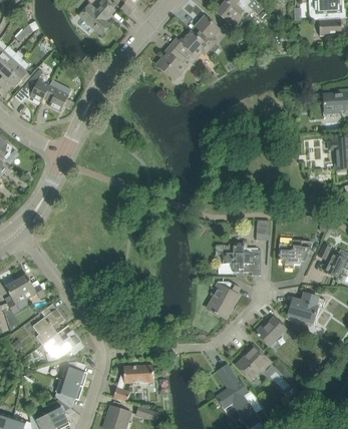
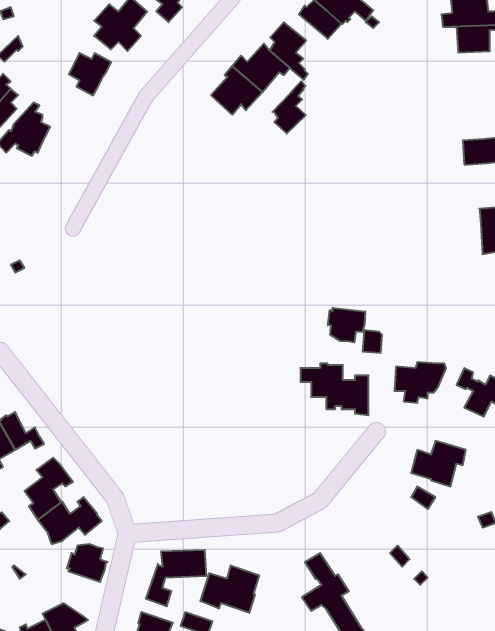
building: none -> [272,81,306,134]
building: [43,83,71,111] -> [69,53,111,95]
building: none -> [328,308,365,343]
building: [206,282,239,319] -> none
building: [254,317,285,346] -> none
building: [235,345,270,379] -> none
building: none -> [200,565,259,613]
building: [54,379,82,408] -> none

